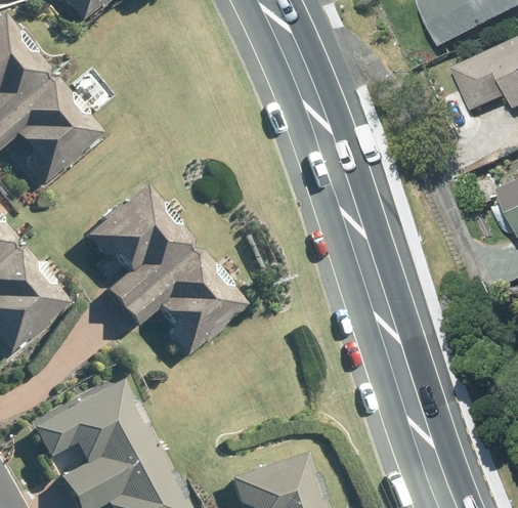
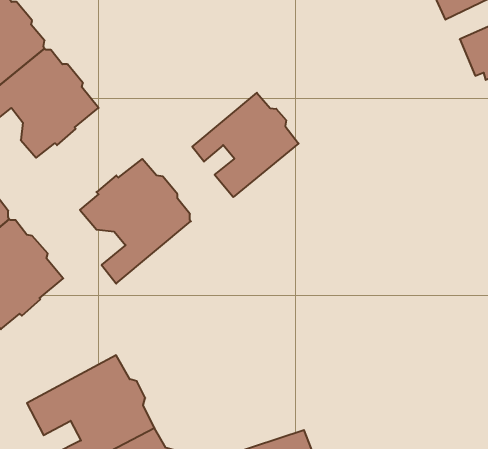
building: none -> [192,93,299,197]
building: [120,247,247,356] -> none

